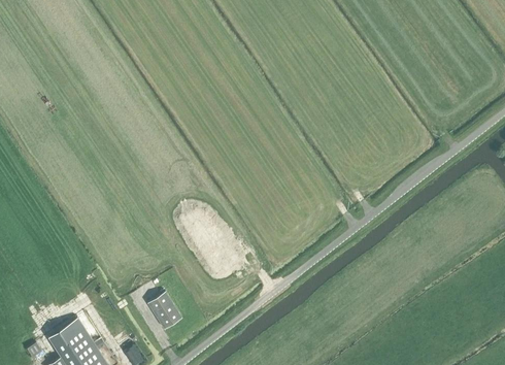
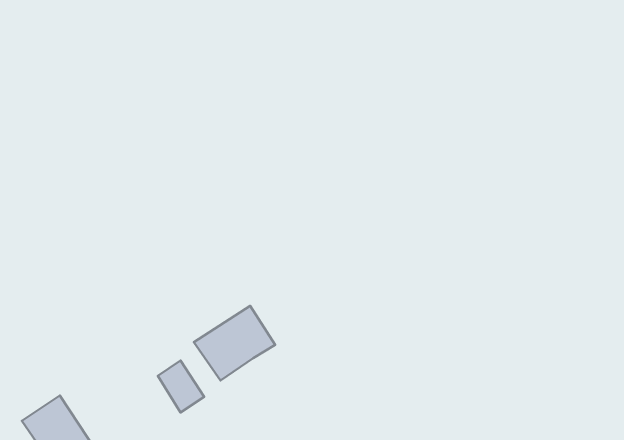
building: none -> [194,306,275,381]

